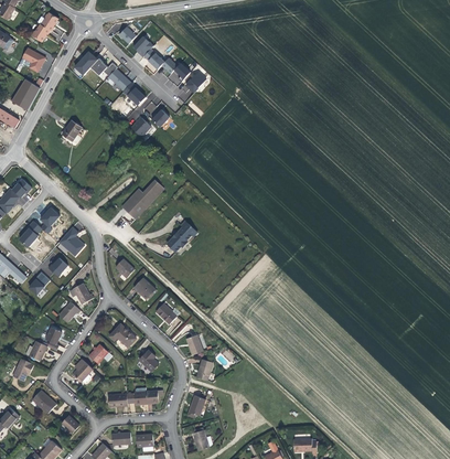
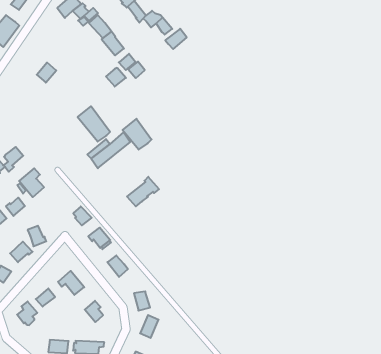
building: none -> [78,106,110,142]
building: none -> [123,119,152,150]

